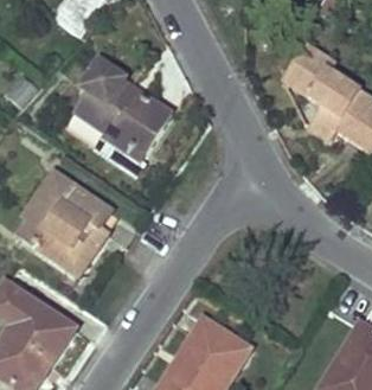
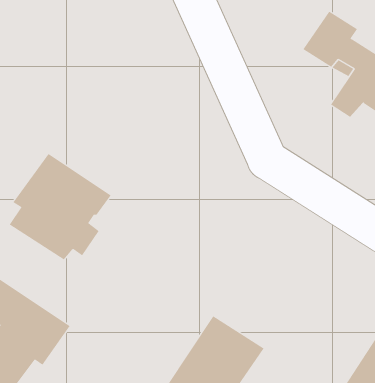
building: [77,60,172,173] -> none

